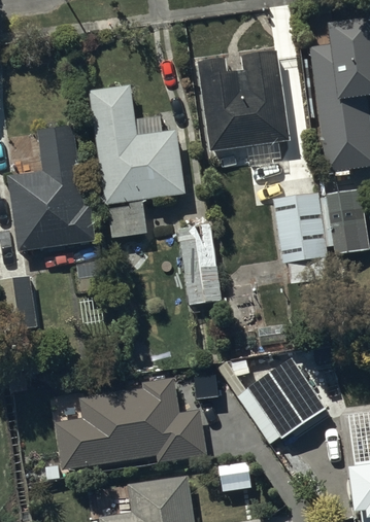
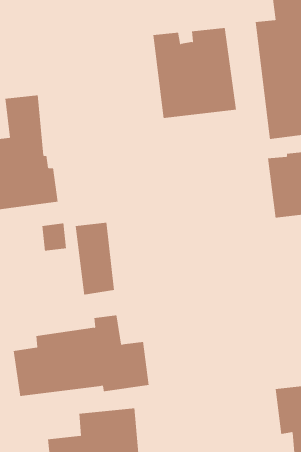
building: [90,90,189,244] -> none
building: [274,198,332,290] -> none
building: [179,231,223,310] -> [75,222,115,295]
building: [237,346,331,434] -> none

